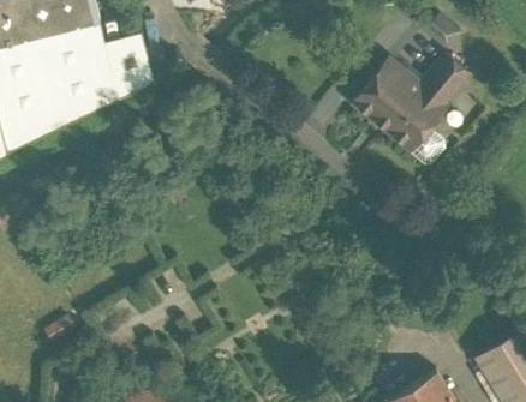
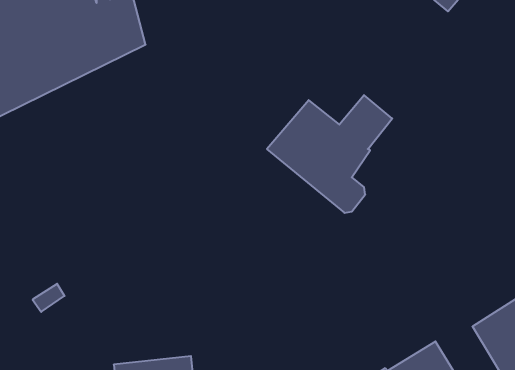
building: [348,52,471,167] -> [267,95,392,213]

